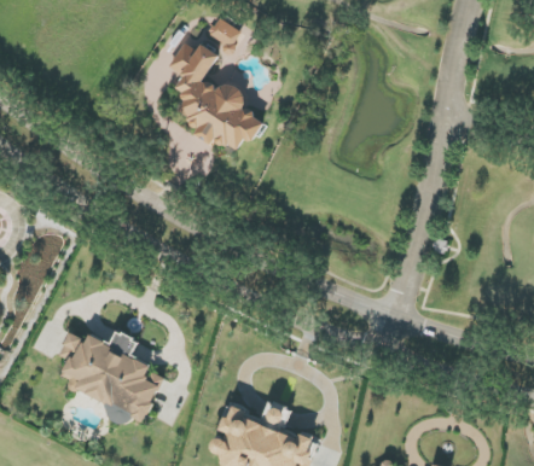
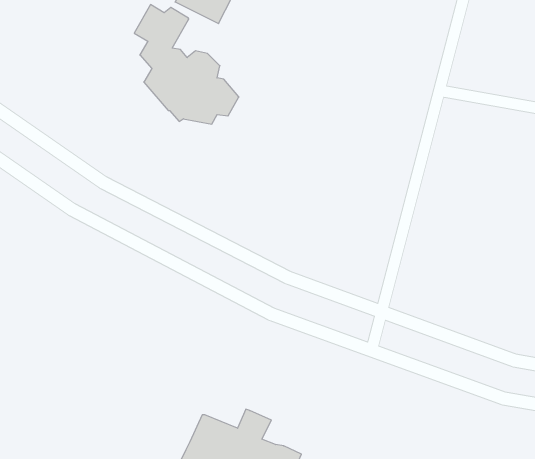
building: [59,331,163,420] -> none

